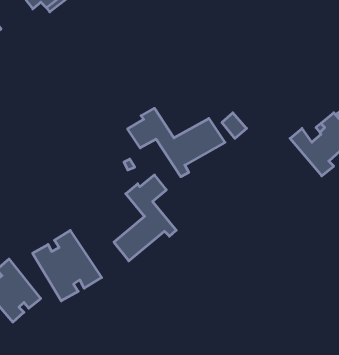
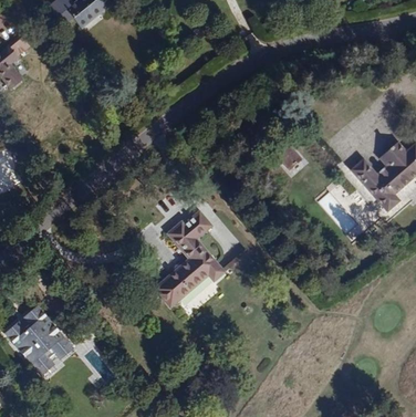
building: [128,108,225,177] -> none
building: [33,230,102,301] -> none

